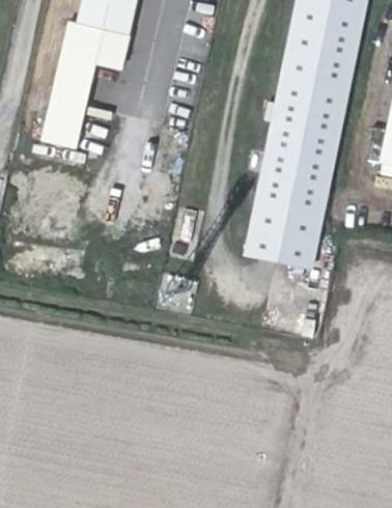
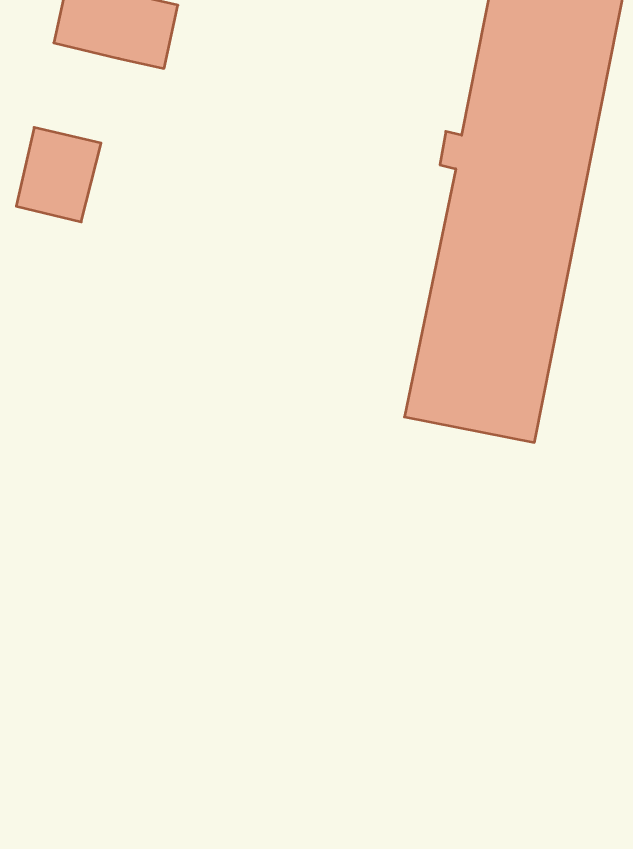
building: [50,55,94,108] -> none

